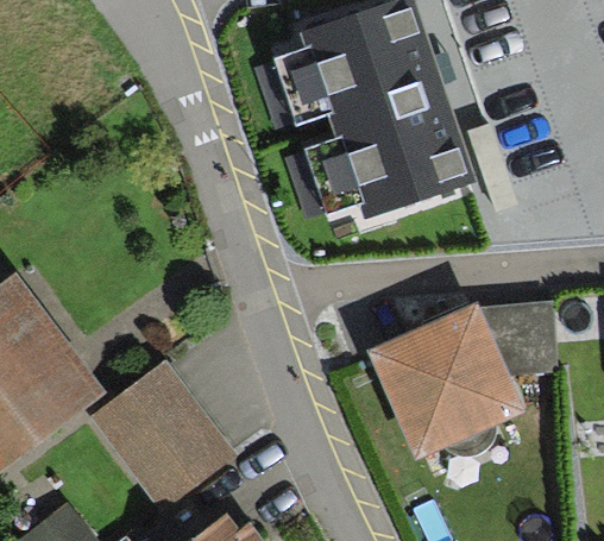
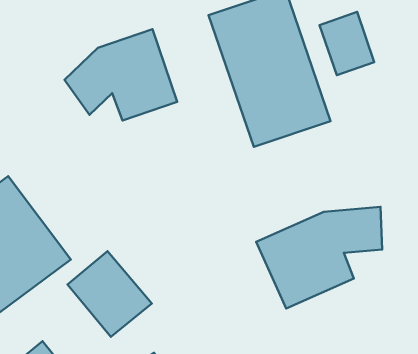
building: none -> [320,12,374,75]
building: none -> [64,29,177,120]

